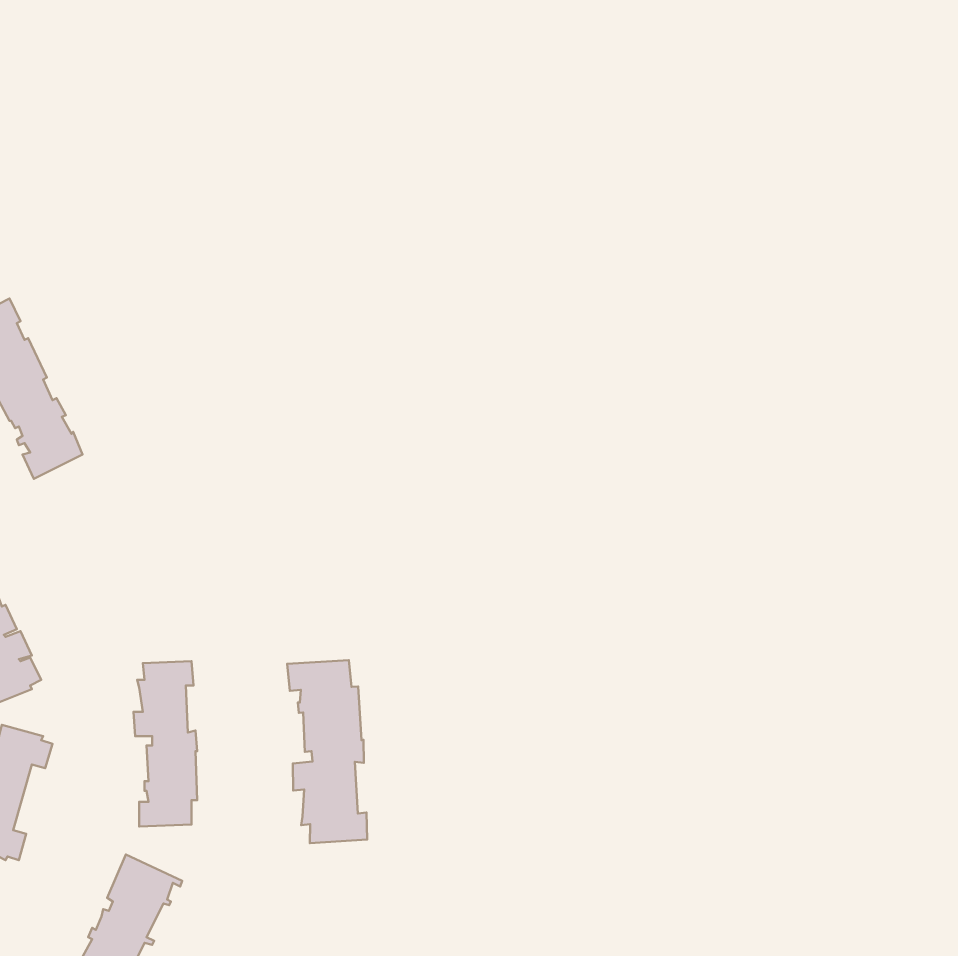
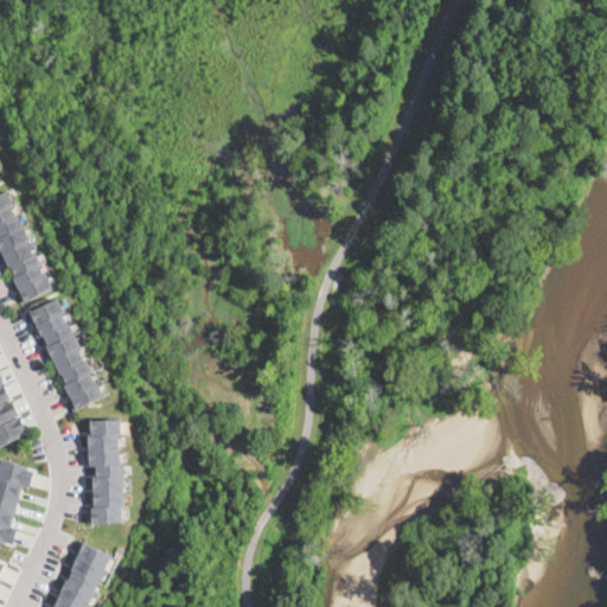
building: none -> [27,299,104,411]
building: [287,660,367,843] -> none

